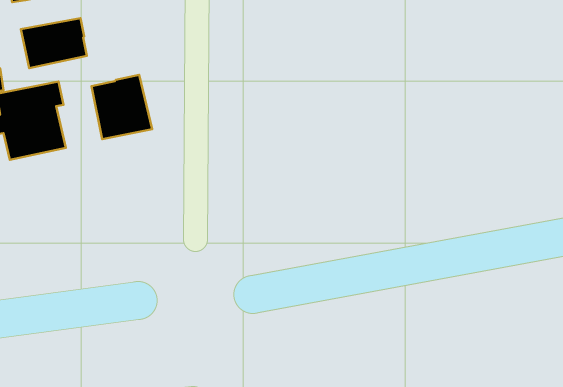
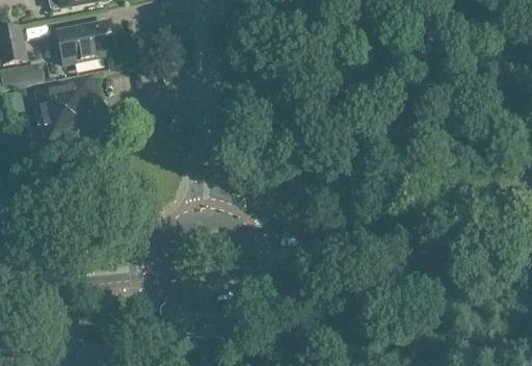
building: [92,75,152,139] -> none

